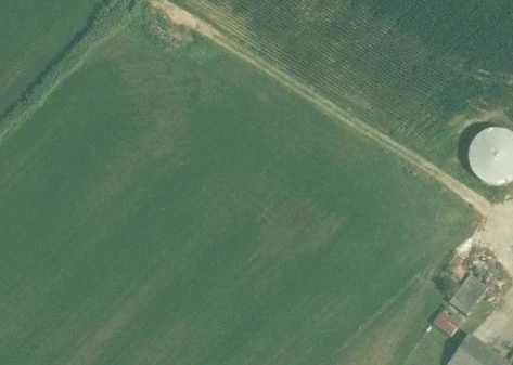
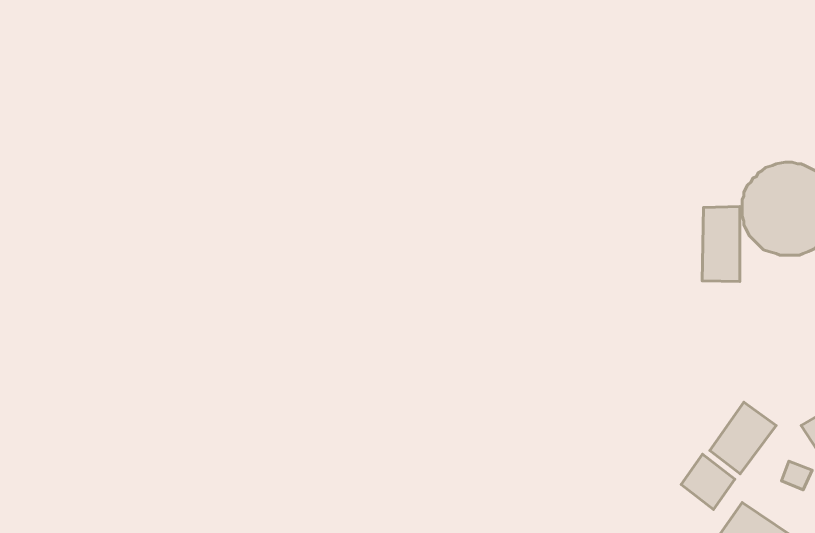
building: none -> [702,207,740,281]

